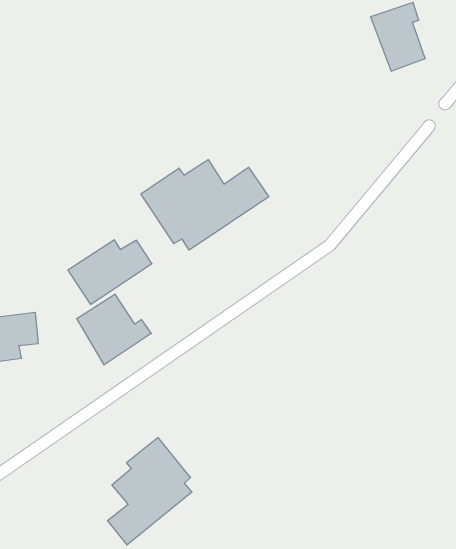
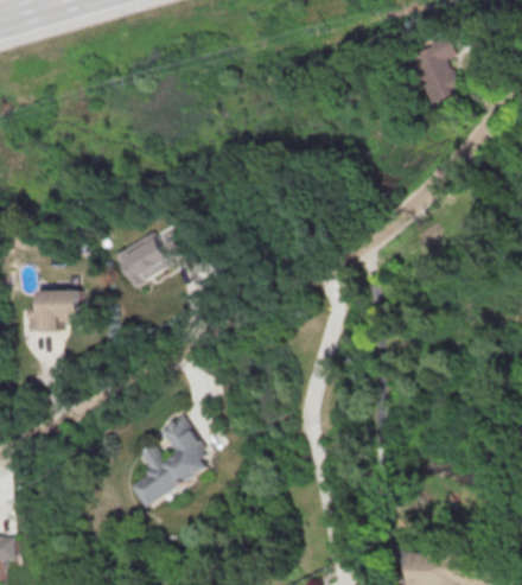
building: [141,160,269,250] -> none
building: [77,294,151,365] -> none

